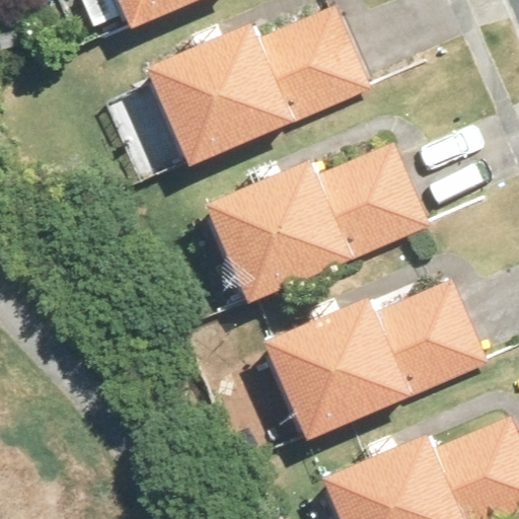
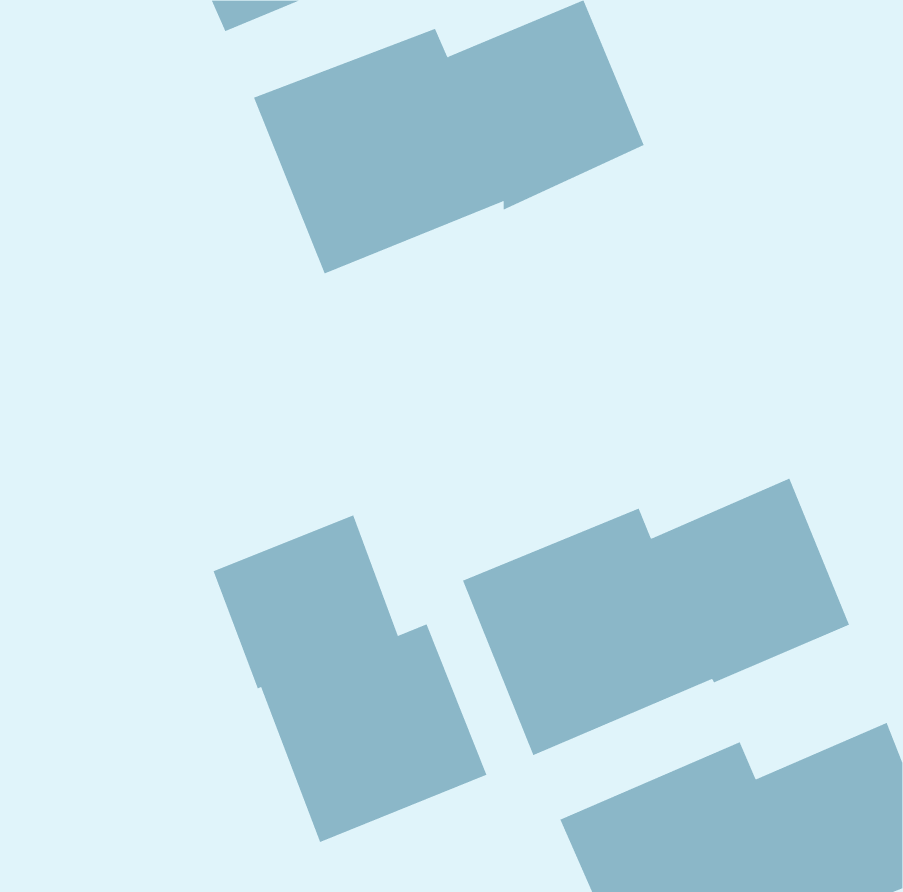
building: [204,146,431,302] -> none
building: none -> [213,515,487,843]

